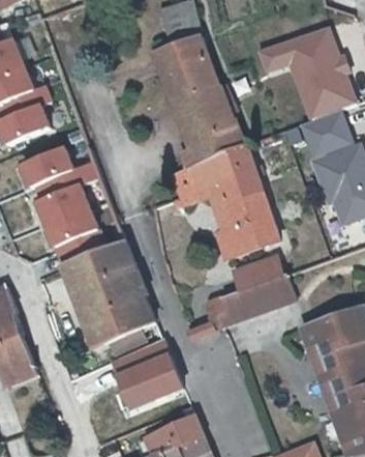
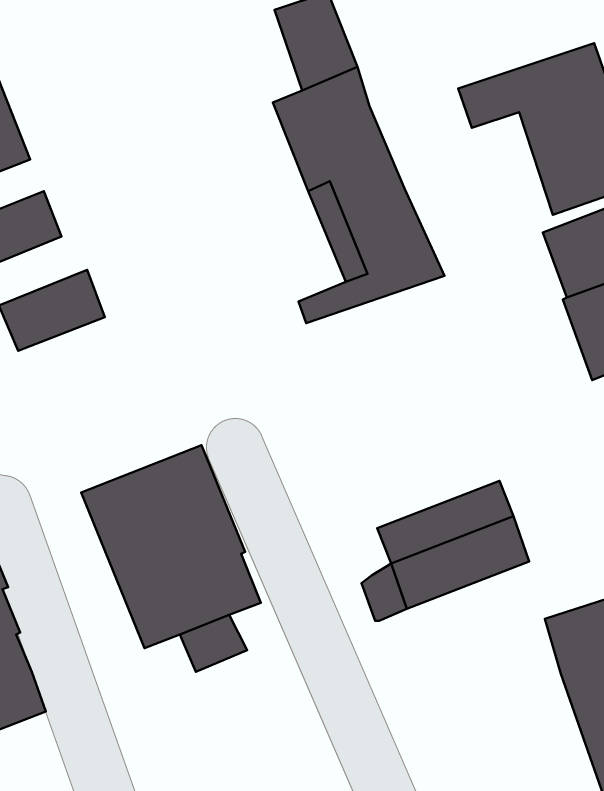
building: [174,148,281,261] -> none
building: [30,178,98,247] -> none
building: [112,352,178,407] -> none

